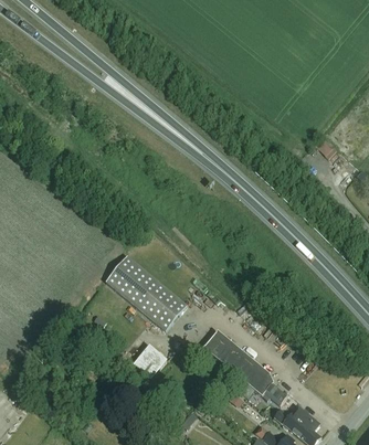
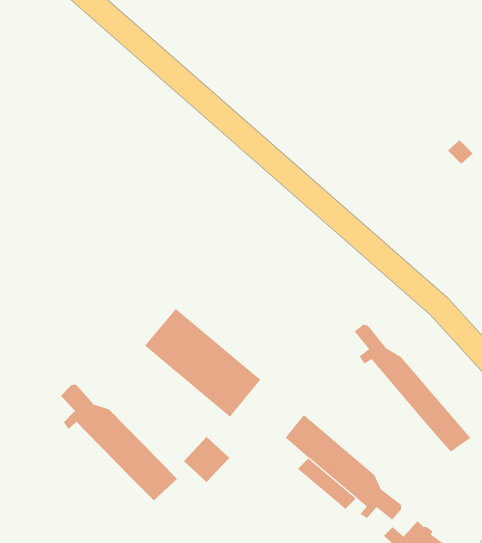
building: none -> [354,324,471,452]
building: none -> [60,384,178,501]

